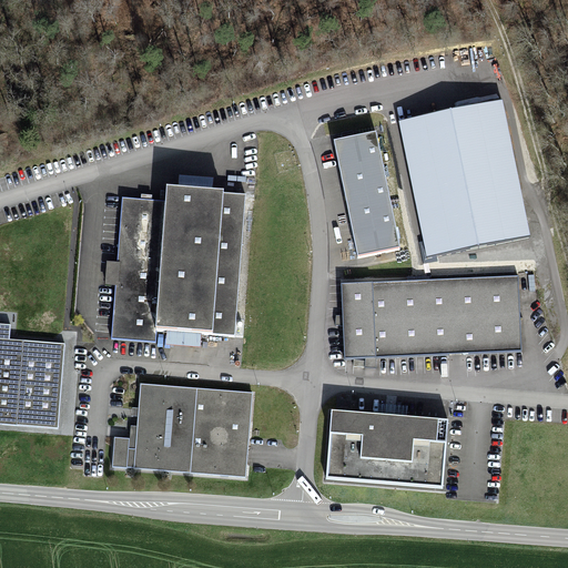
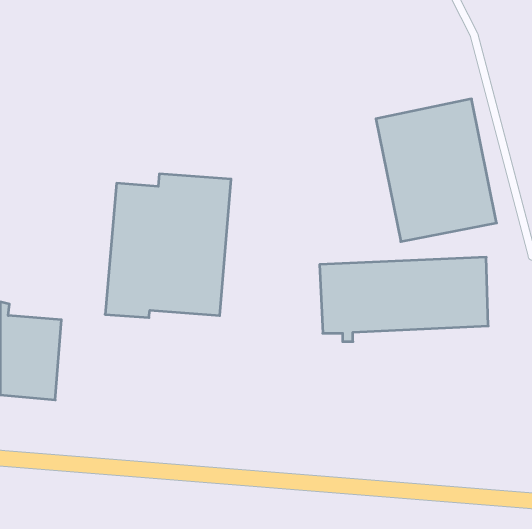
building: [333,133,395,251] -> none
building: [111,383,251,476] -> none
building: [323,410,444,484] -> none

